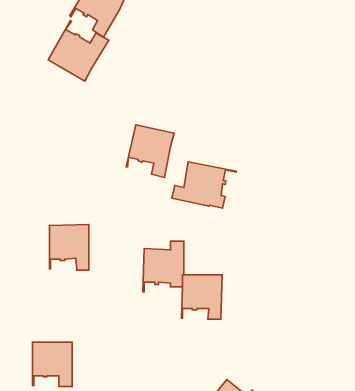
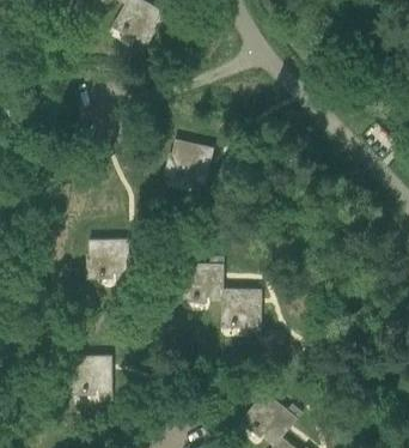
building: [48,21,109,81] -> none
building: [172,162,236,208] -> none

